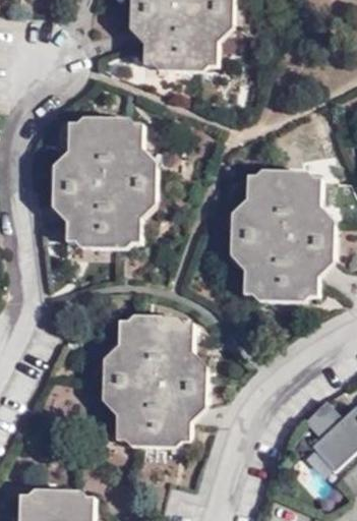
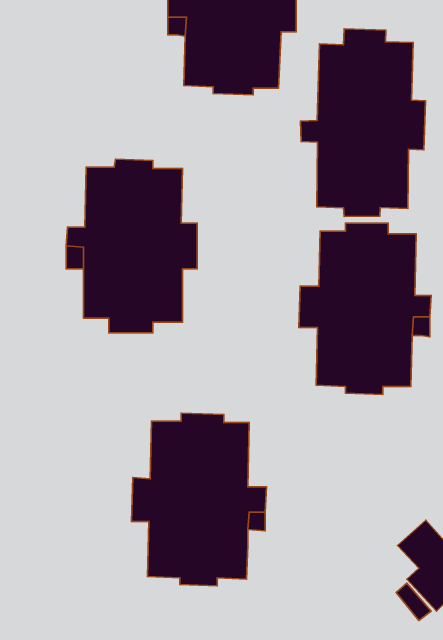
building: none -> [301,29,425,216]

